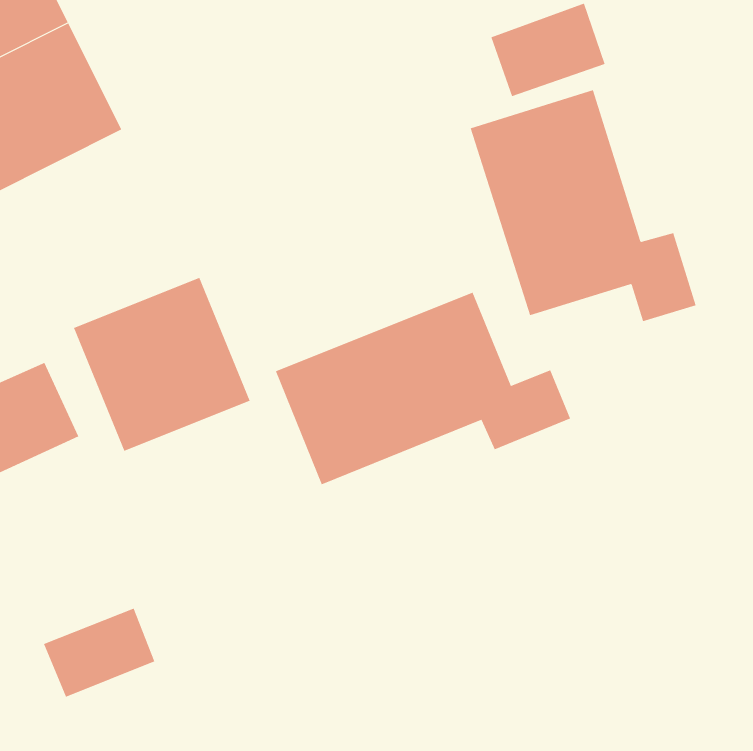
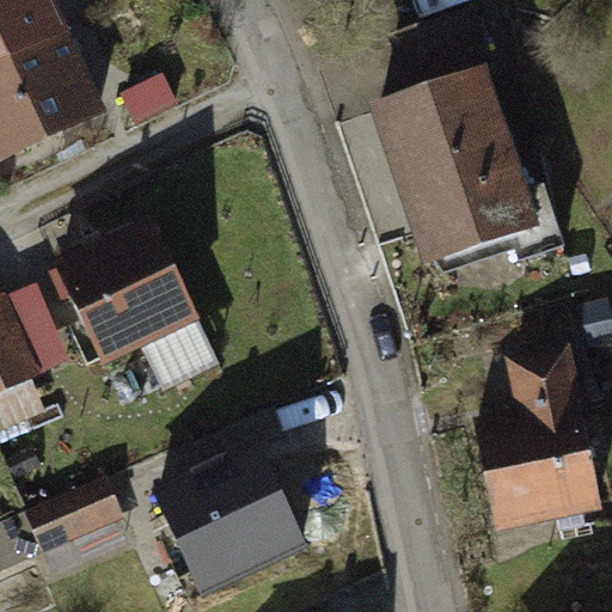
building: [275,292,571,485] -> none
building: none -> [476,345,596,521]
building: none -> [171,460,308,588]

